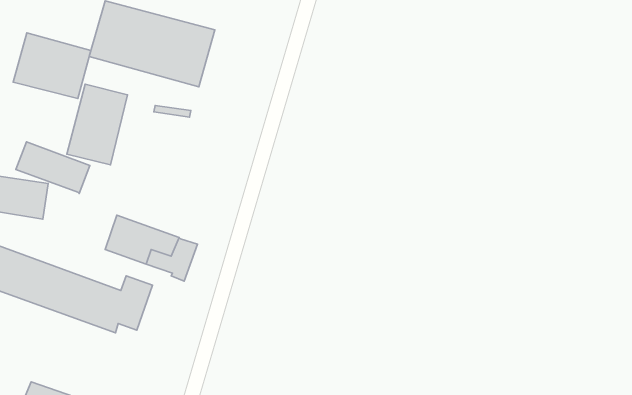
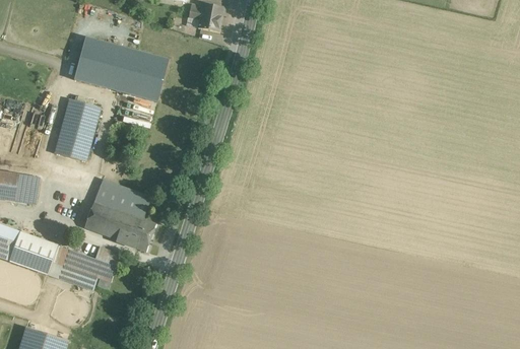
building: [13,33,91,98] -> none
building: [16,142,90,193] -> [92,180,149,219]

